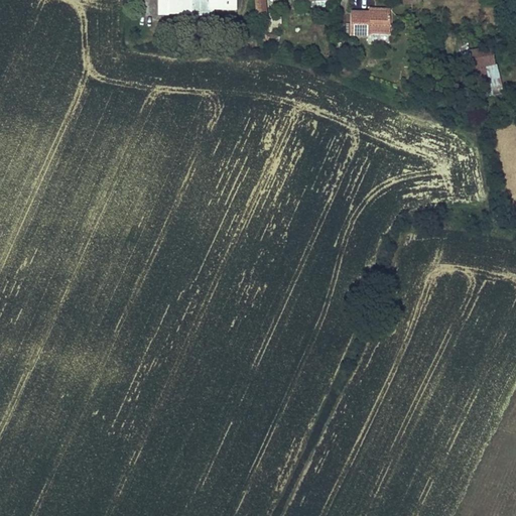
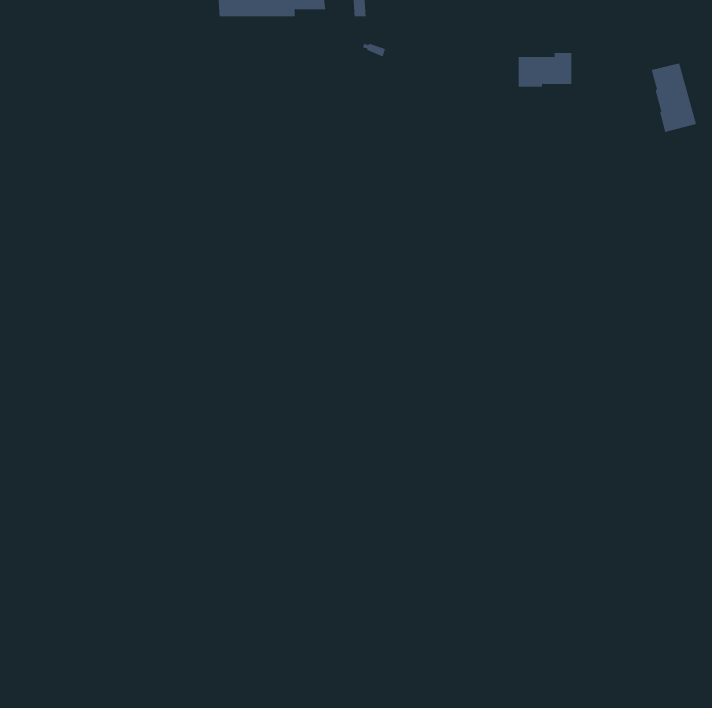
building: [350,7,389,32] -> [518,52,572,87]

